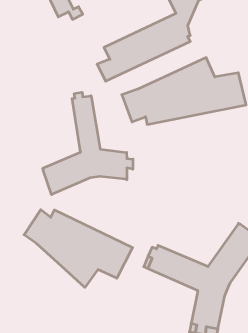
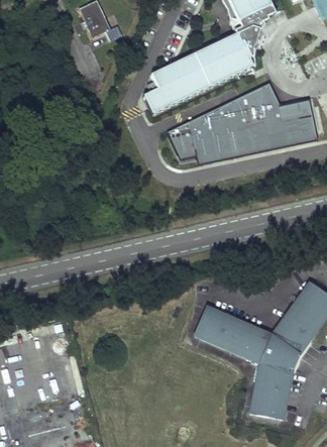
building: [43,92,133,195] -> none
building: [24,210,133,287] -> none

